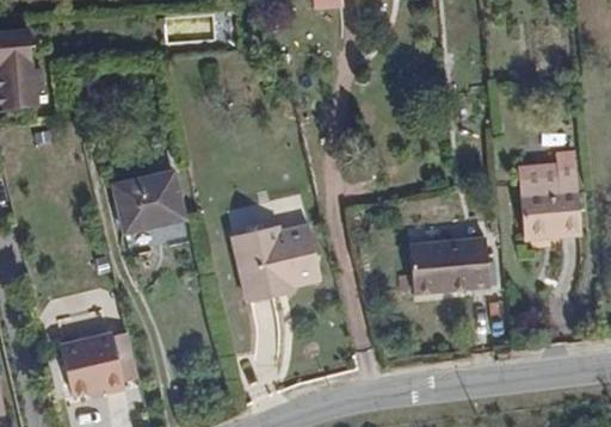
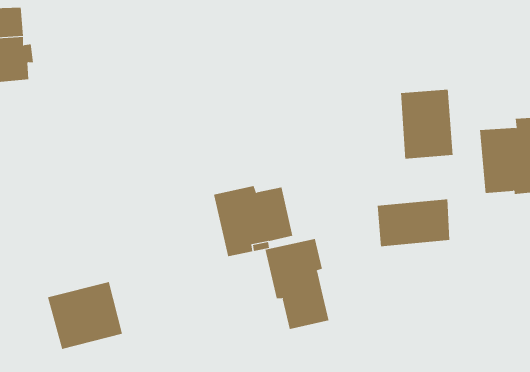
building: none -> [401,89,453,160]
building: [113,171,185,231] -> none
building: none -> [265,238,329,330]

